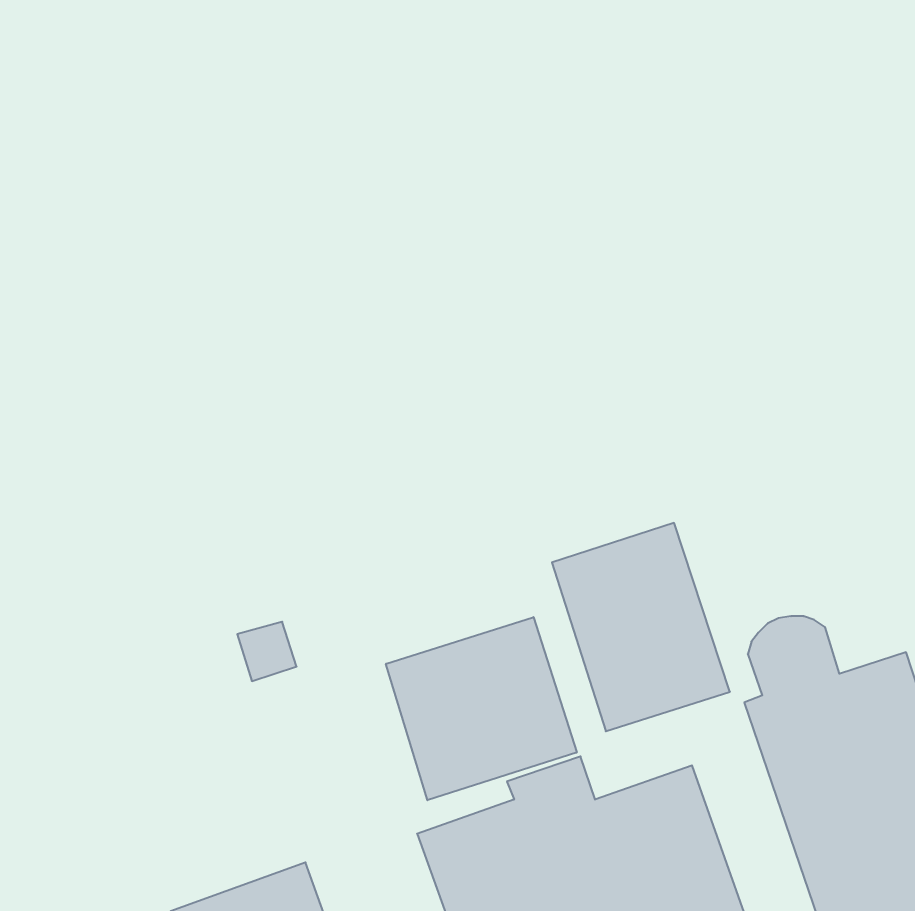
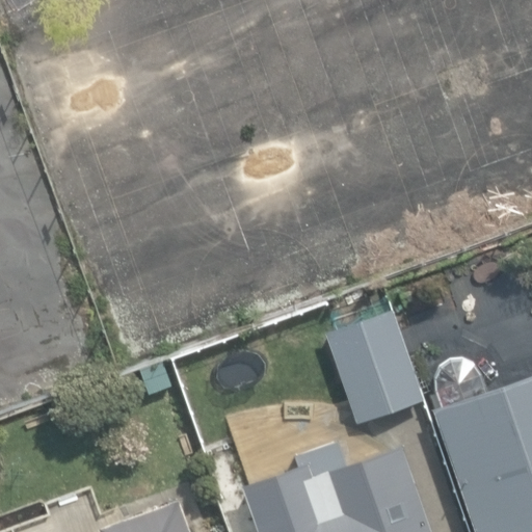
building: [386,617,577,800] -> none

